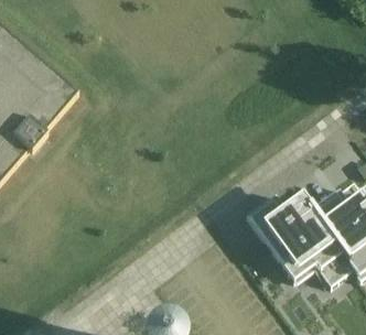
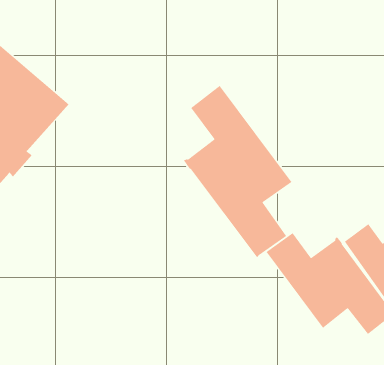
building: none -> [183,85,292,258]

